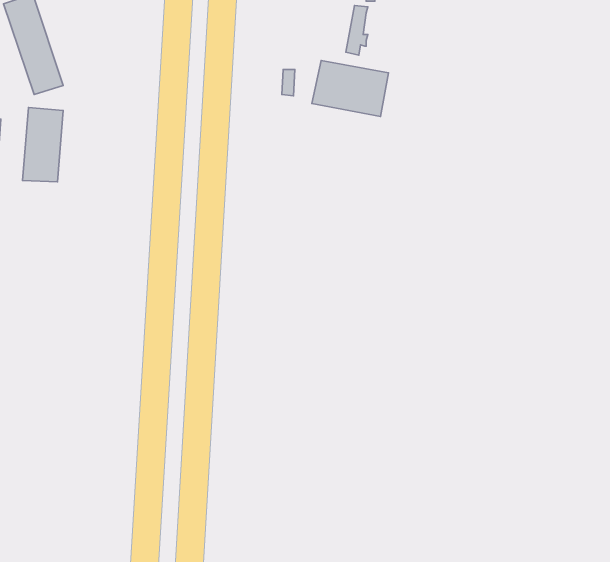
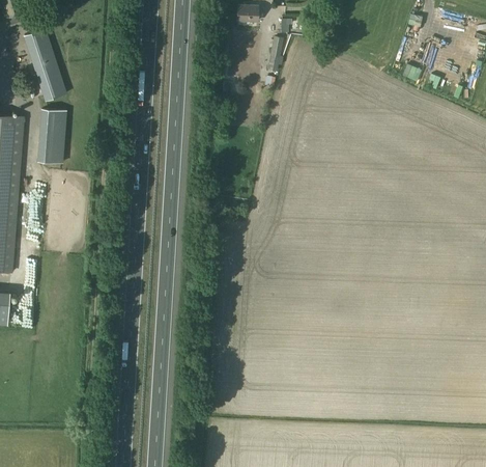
building: [312,60,389,116] -> none

